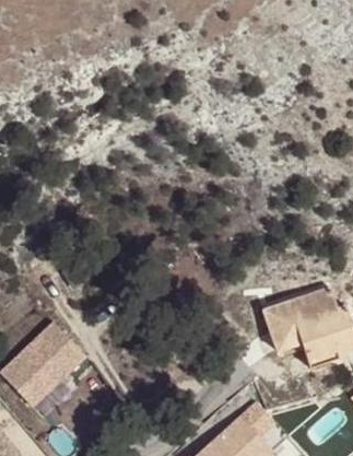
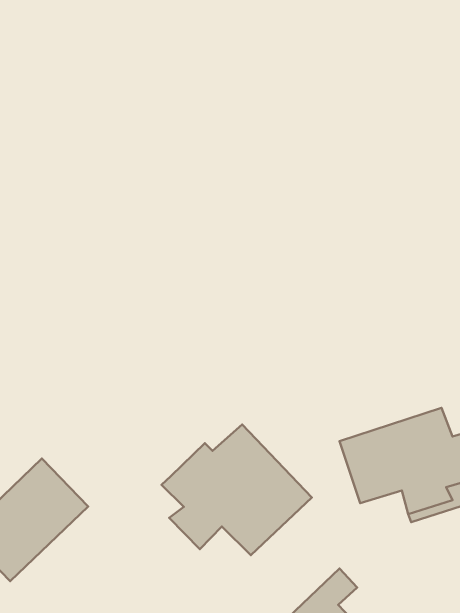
building: none -> [161,425,312,555]

